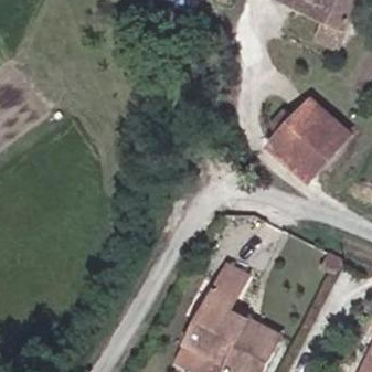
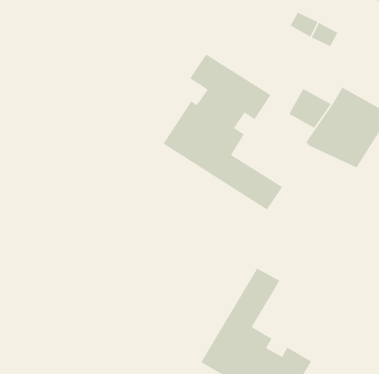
building: none -> [162,53,283,210]

